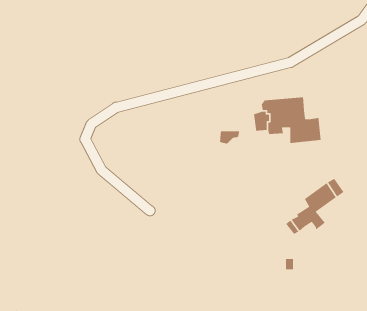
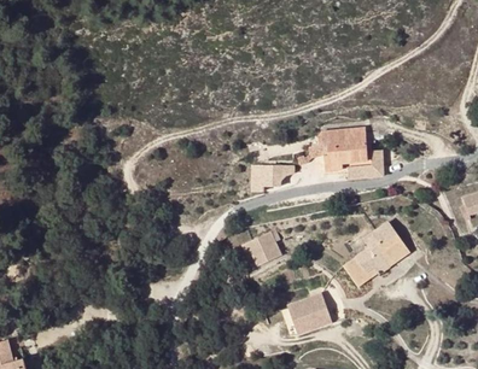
building: none -> [244,233,282,269]
building: none -> [287,294,332,334]

